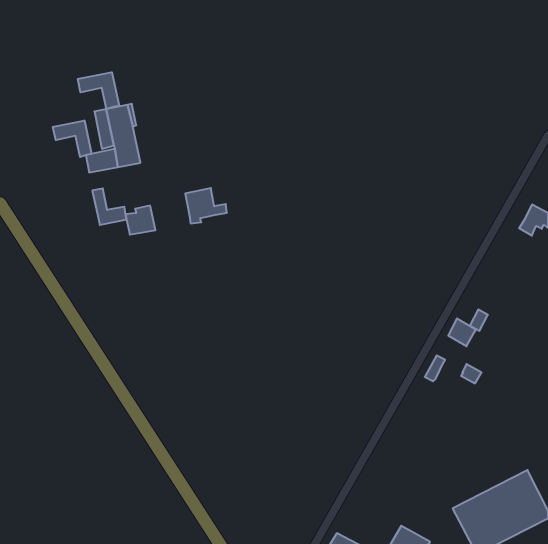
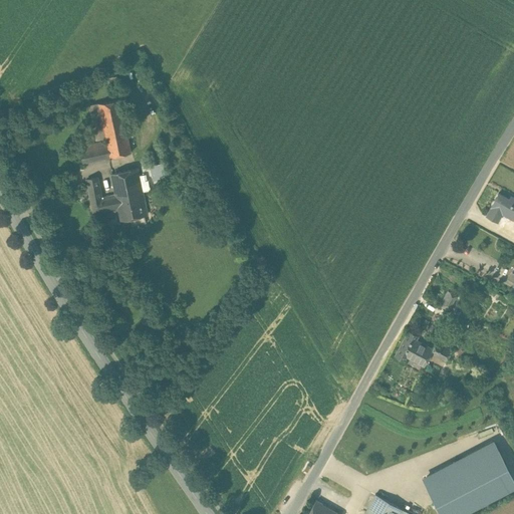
building: [78,72,119,109] -> none
building: [53,120,92,157] -> none
building: [185,188,227,223] -> [112,171,152,204]
building: [448,318,476,346] -> [408,342,434,368]

